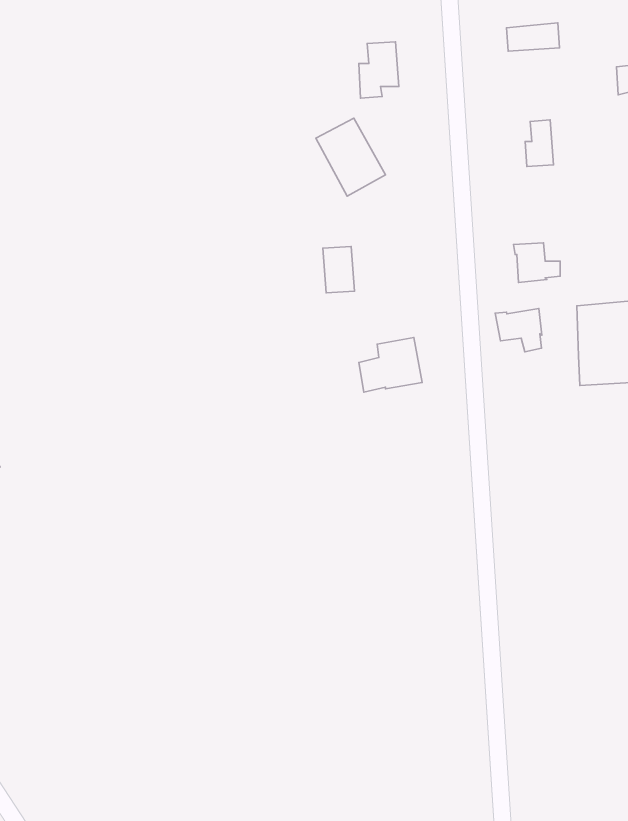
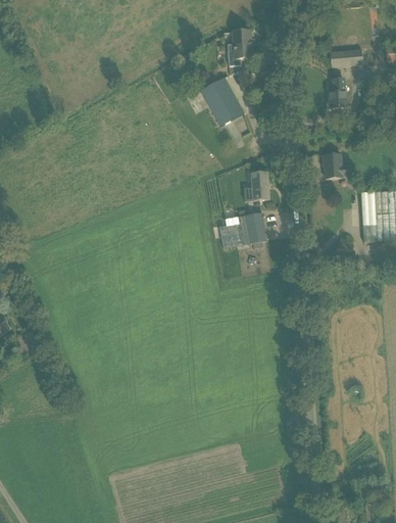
building: [506,23,560,51] -> [330,48,362,65]
building: [323,246,354,293] -> [249,171,268,199]
building: [495,308,542,352] -> none

